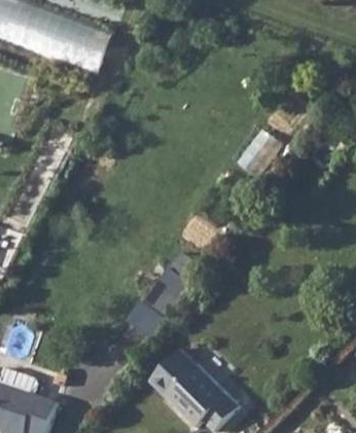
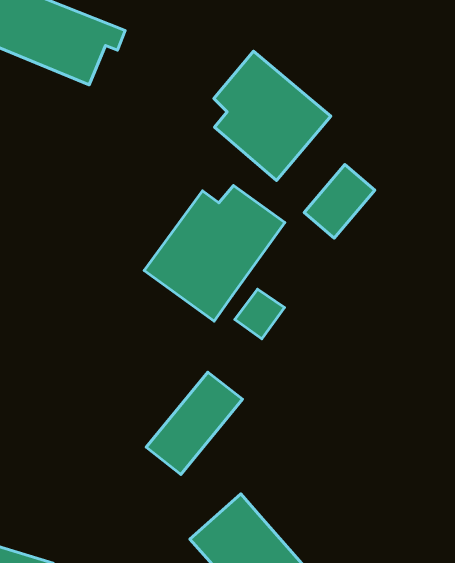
building: none -> [214,51,331,180]
building: none -> [144,185,285,321]

